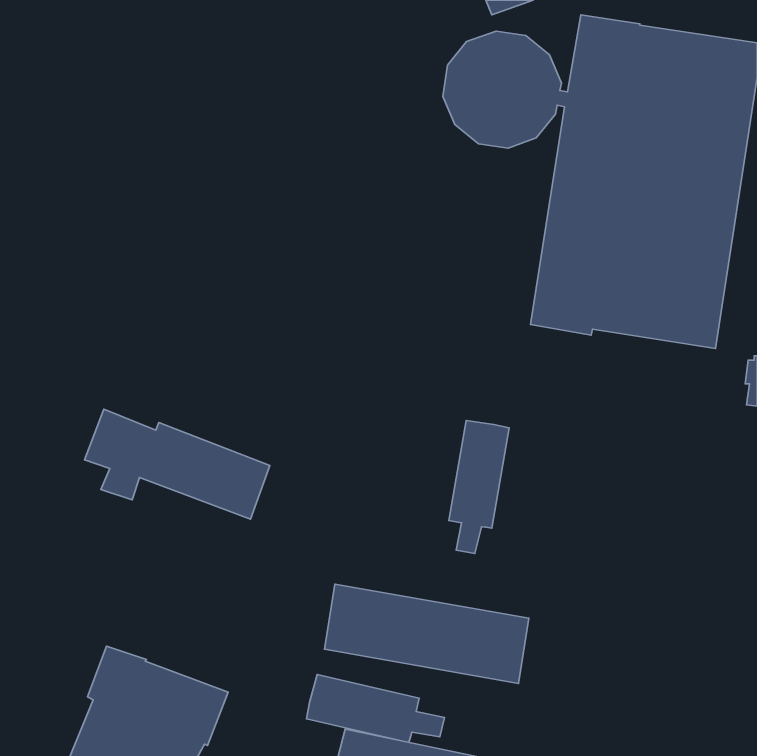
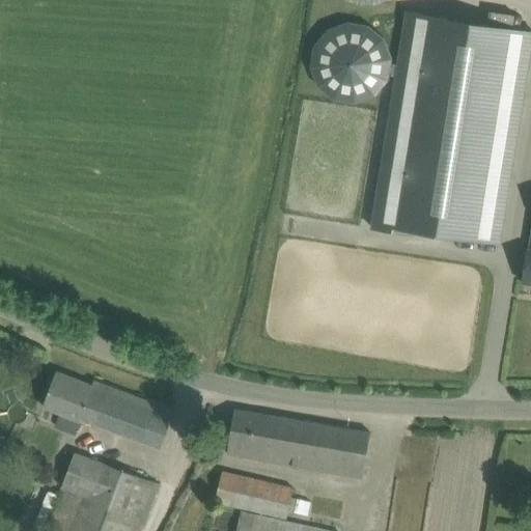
building: [85,409,270,519] -> [43,372,172,449]
building: [449,420,509,554] -> none

